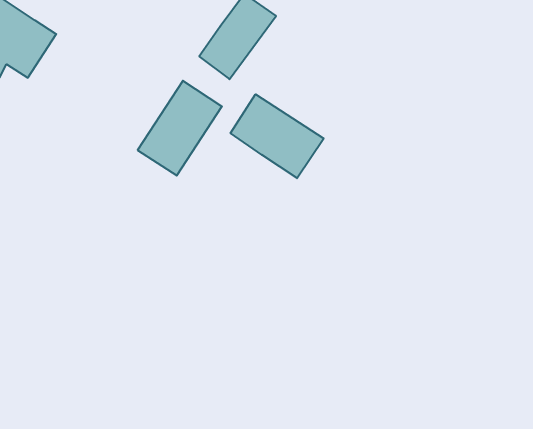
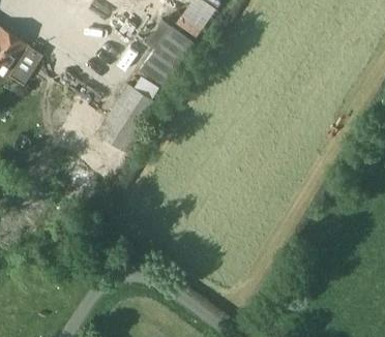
building: [231,94,324,178] -> none

